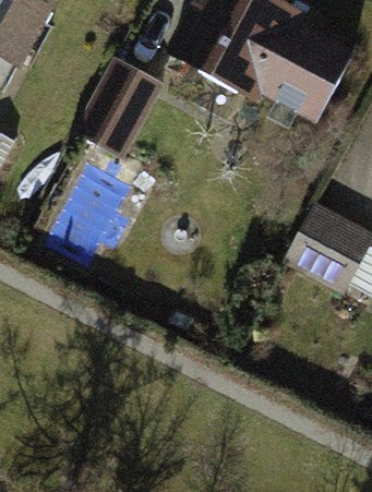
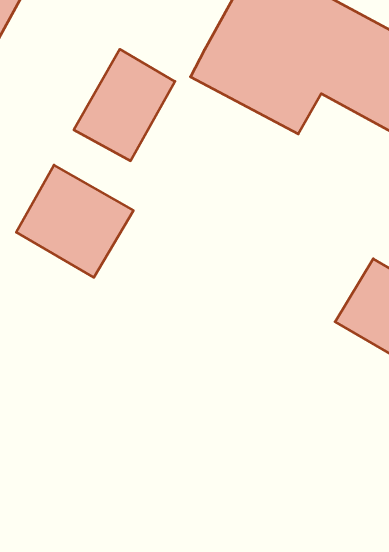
building: none -> [16,165,133,277]

